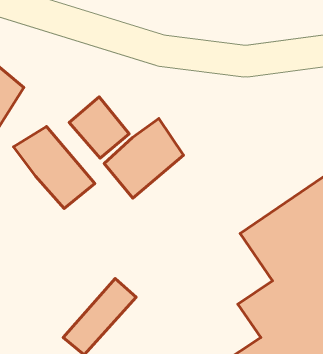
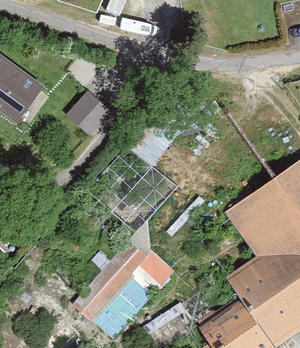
building: [104,118,183,198] -> none
building: [13,126,95,208] -> none

